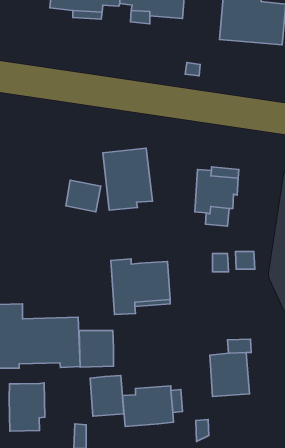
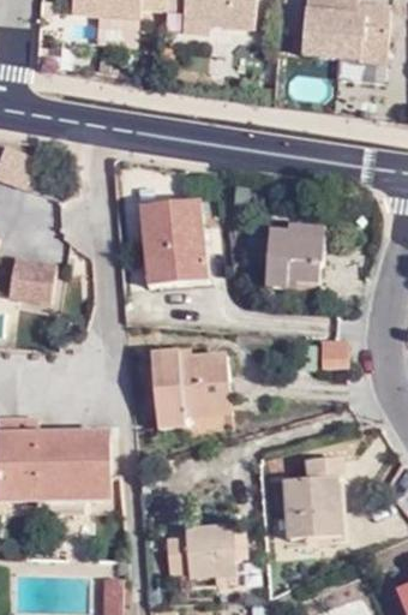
building: [66,180,101,212] -> [6,258,54,301]
building: [79,330,114,367] -> none
building: [90,376,124,416] -> none
building: [9,383,45,431] -> none

